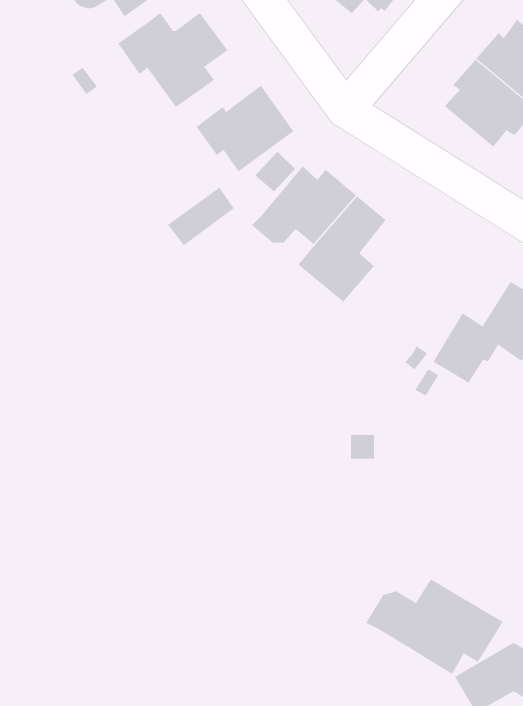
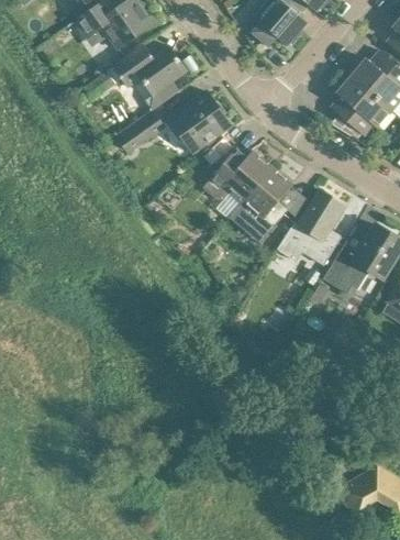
building: [167,187,235,246] -> [118,111,163,151]
building: none -> [277,189,345,262]
building: [365,579,503,675] -> none

